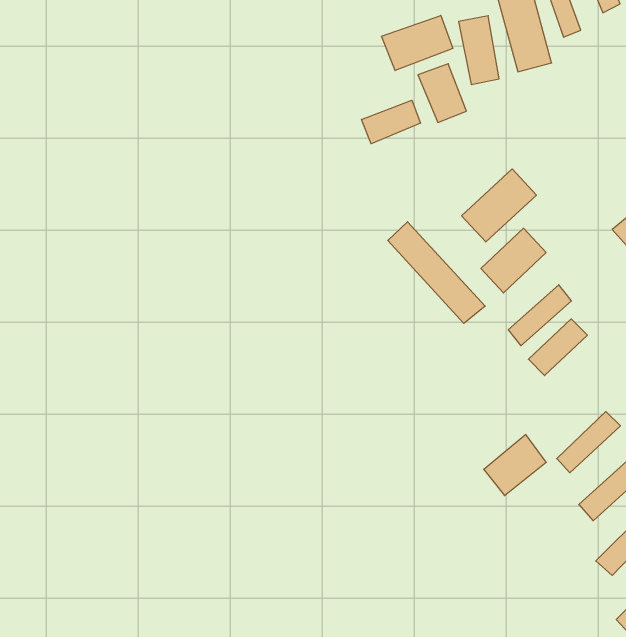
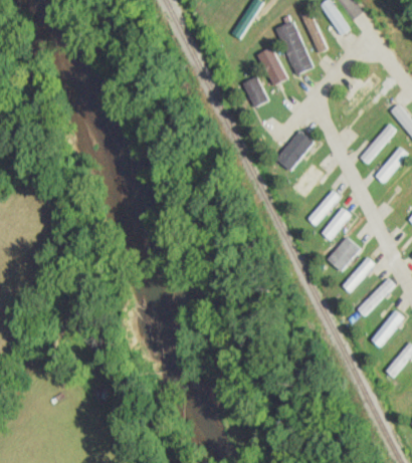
building: [381,15,453,71] -> none
building: [362,100,420,144] -> none
building: [388,222,485,323] -> none
building: [484,435,546,496] -> [326,236,360,271]

